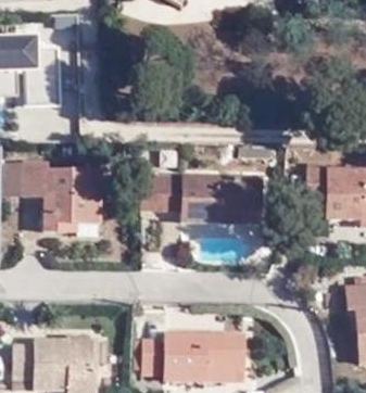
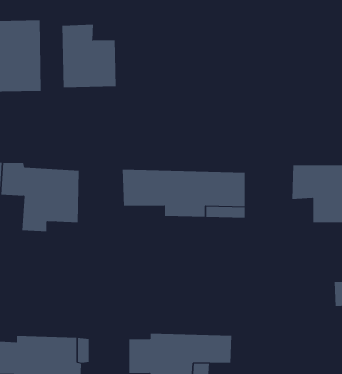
building: none -> [62,24,116,88]

